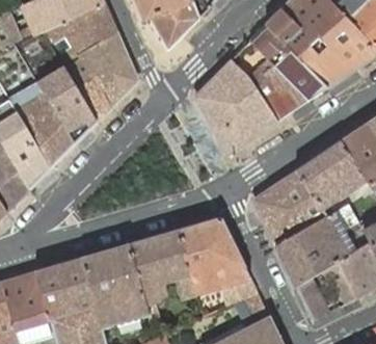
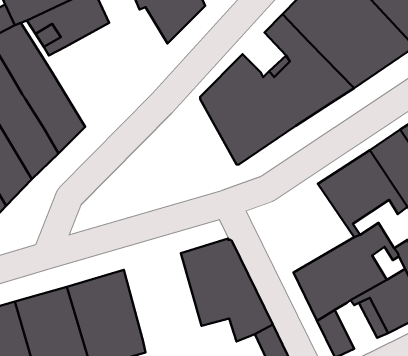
building: [69,32,137,122] -> none
building: [256,170,327,246] -> none
building: [130,230,196,306] -> none

